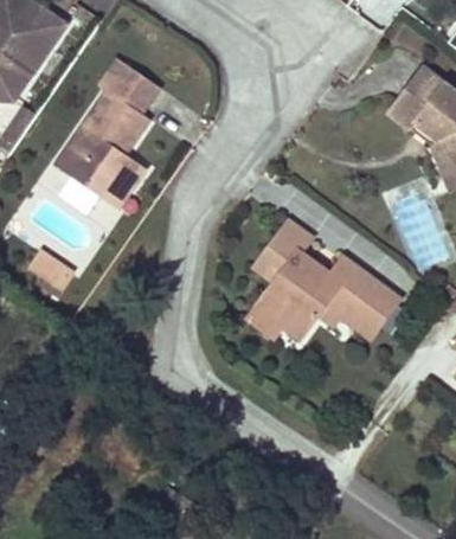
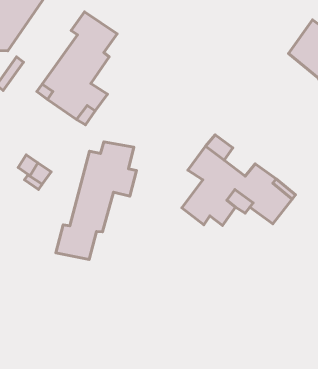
building: none -> [56,142,136,260]

